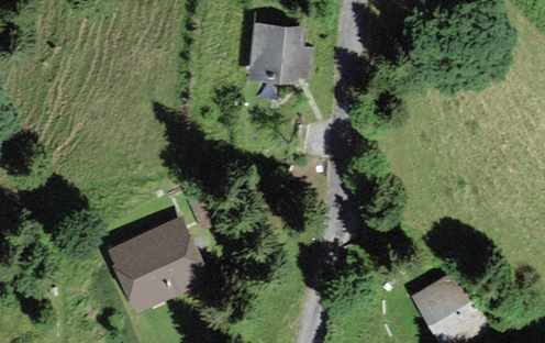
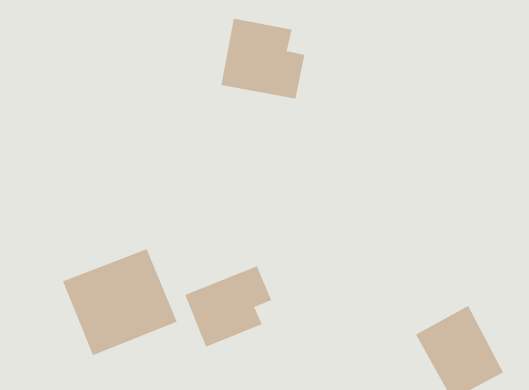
building: none -> [184,266,272,347]

